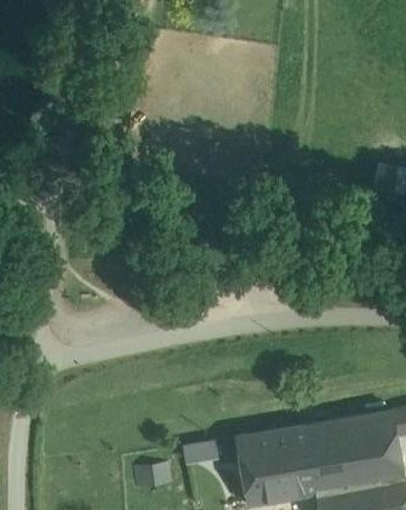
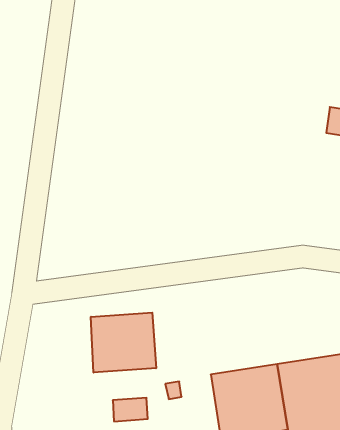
building: none -> [91,313,156,373]

